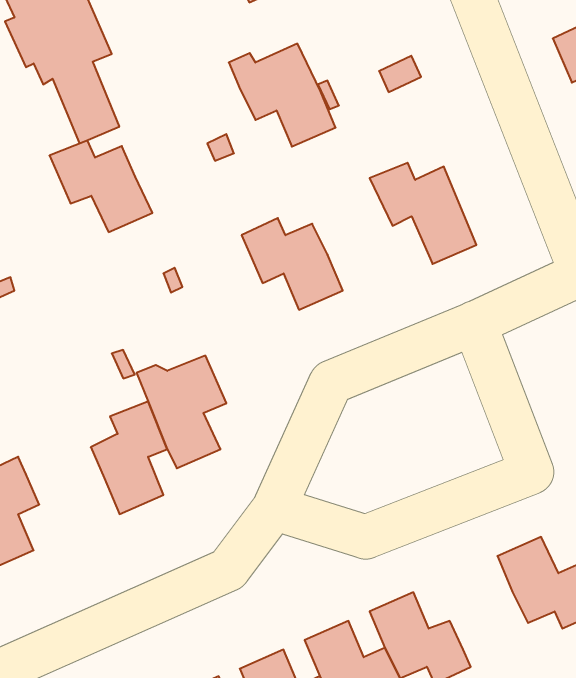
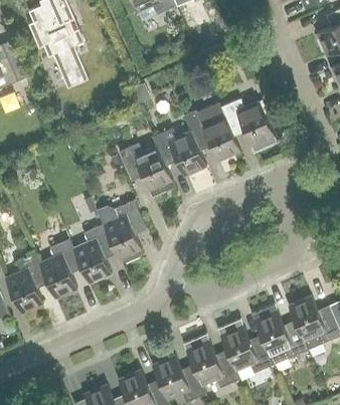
building: [229,44,336,147] -> [184,107,240,161]
building: [49,140,152,232] -> [119,143,173,191]
building: none -> [39,238,80,297]
building: none -> [253,311,308,358]

